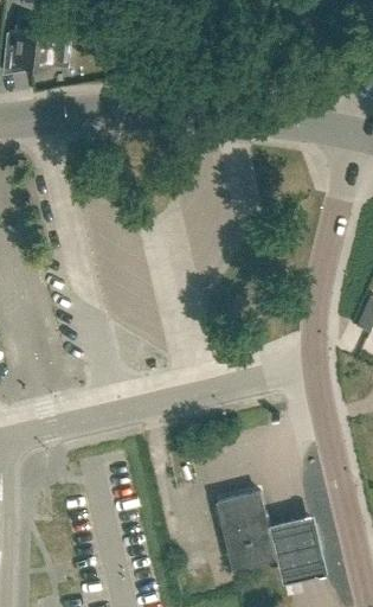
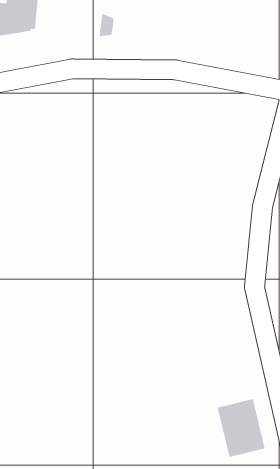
building: [221,499,277,567] -> none

